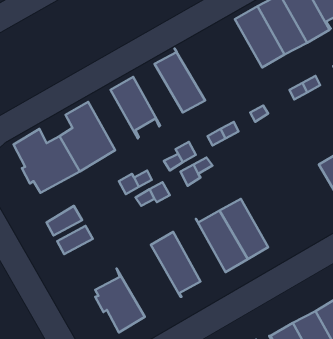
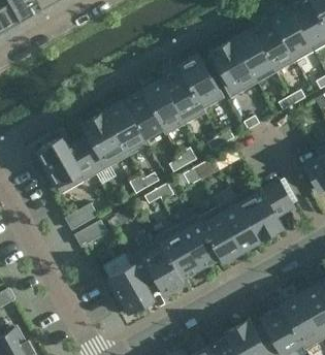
building: none -> [210,40,254,94]
building: none -> [177,55,222,111]
building: none -> [141,79,185,133]
building: none -> [102,102,145,155]
building: none -> [235,181,292,239]
building: none -> [176,215,222,269]
building: none -> [127,237,183,300]

